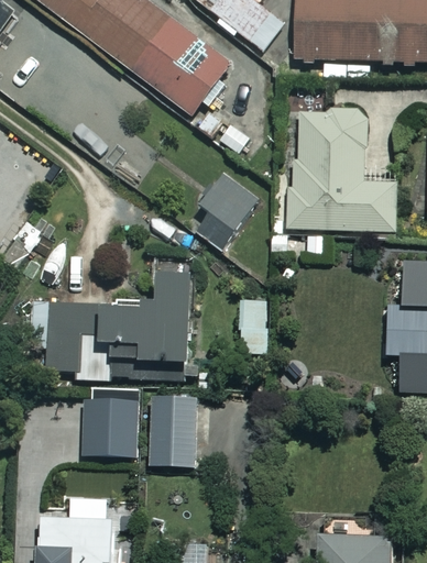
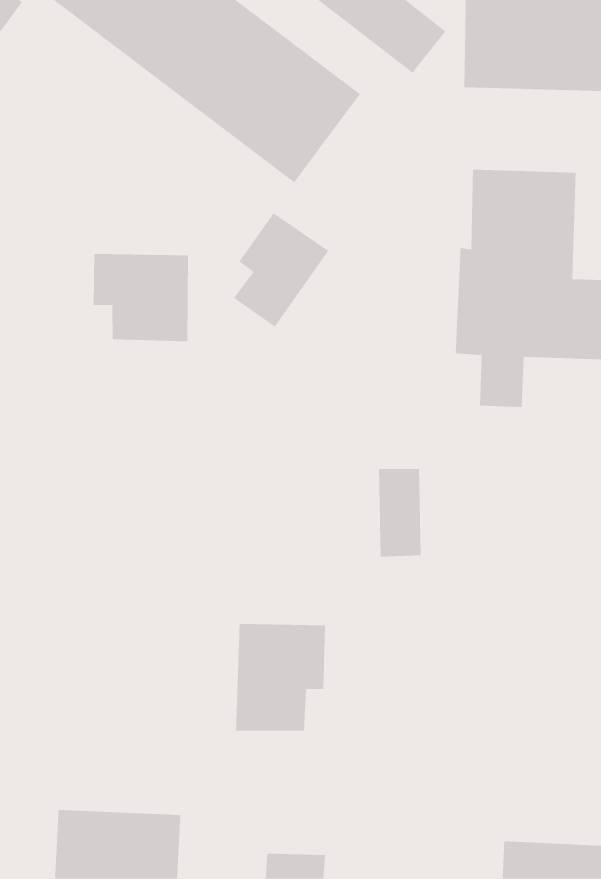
building: none -> [93,253,188,342]
building: [196,175,256,247] -> [233,213,329,328]
building: [29,273,193,379] -> none
building: [80,393,139,456] -> none

